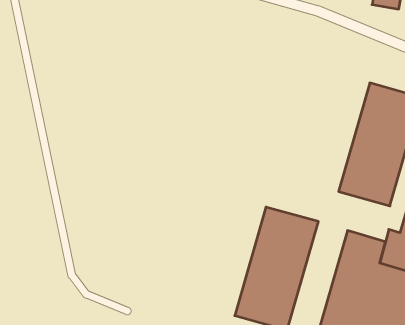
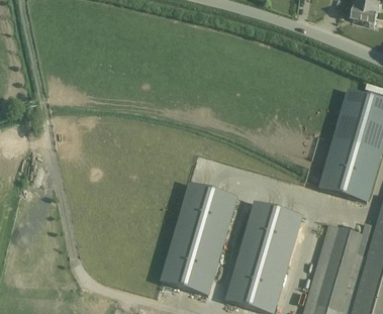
building: none -> [162,182,236,294]

